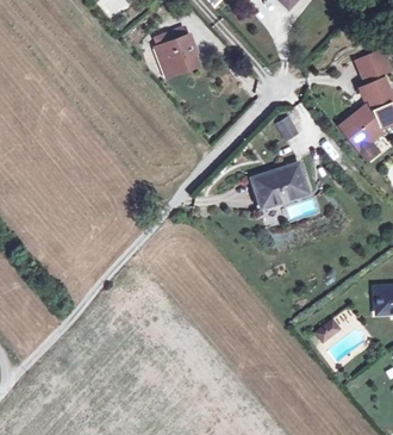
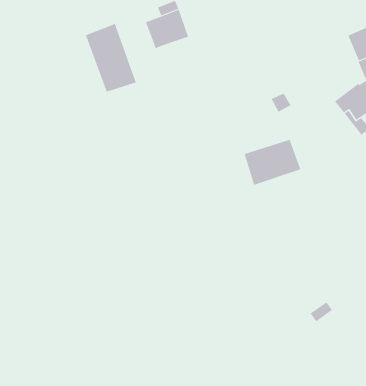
building: none -> [85,23,137,93]

